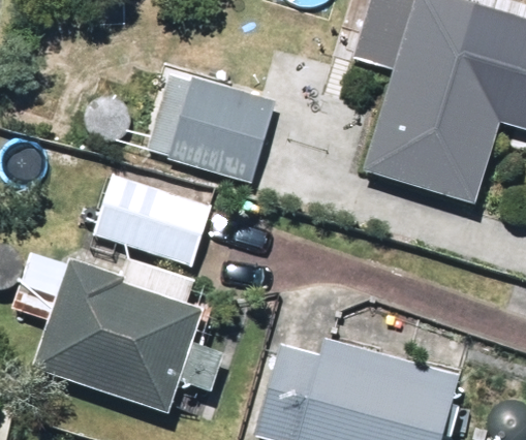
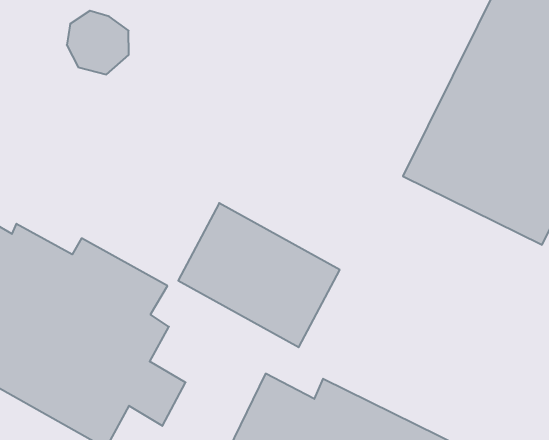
building: [147,73,274,181] -> none
building: [92,168,214,269] -> [178,203,340,347]

